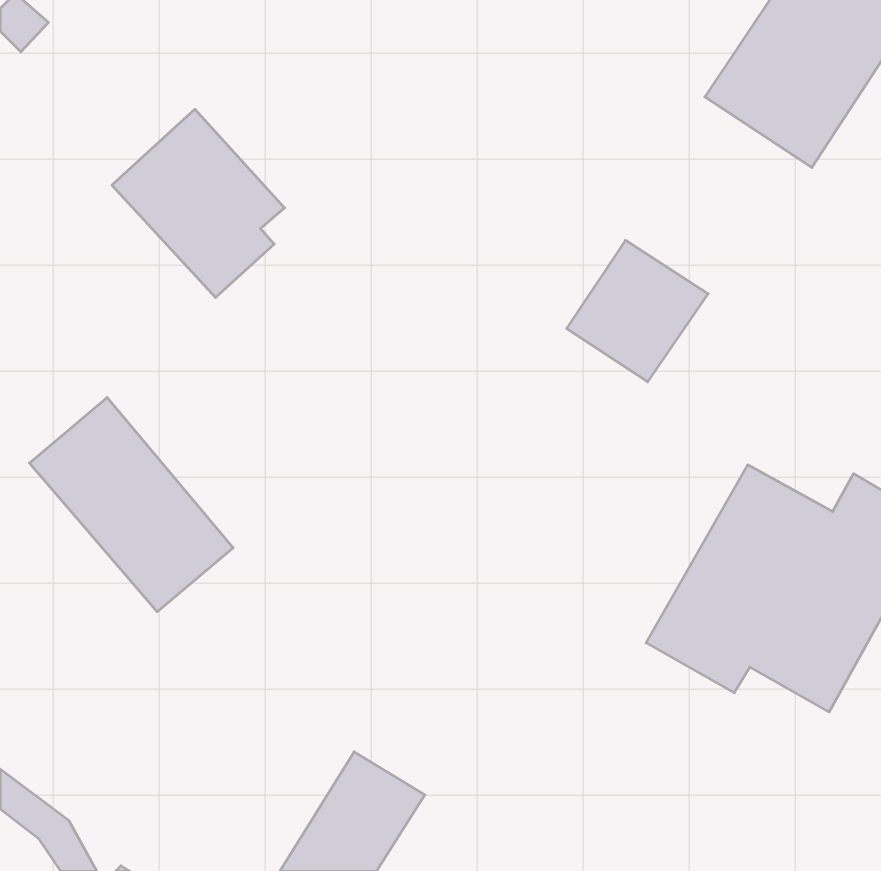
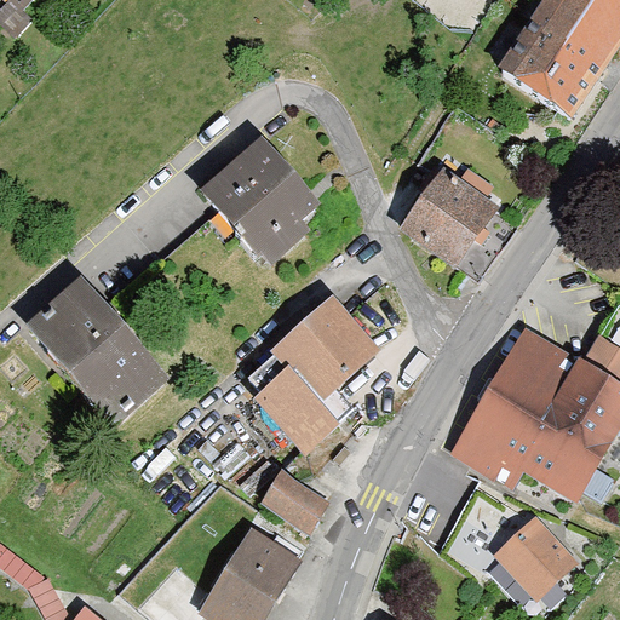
building: [112,109,285,298] -> [197,137,318,269]
building: none -> [251,300,379,453]
building: none -> [260,470,328,532]
building: none -> [495,515,580,599]

